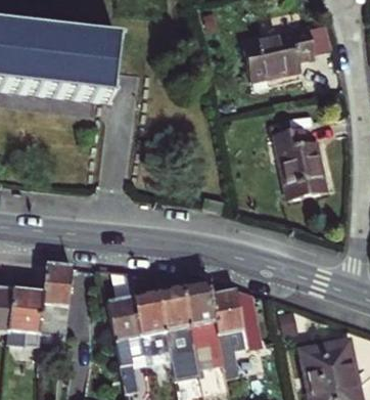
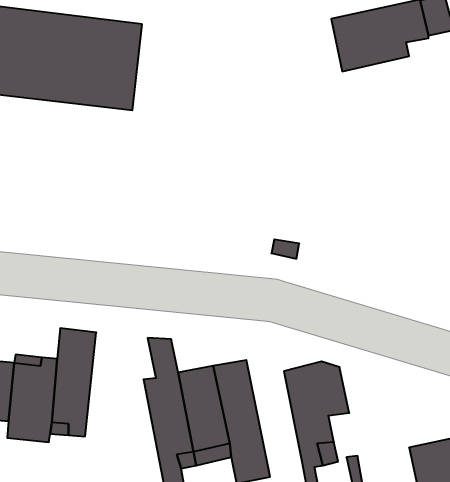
building: [276,119,327,192] -> none
building: [182,281,223,366] -> none

